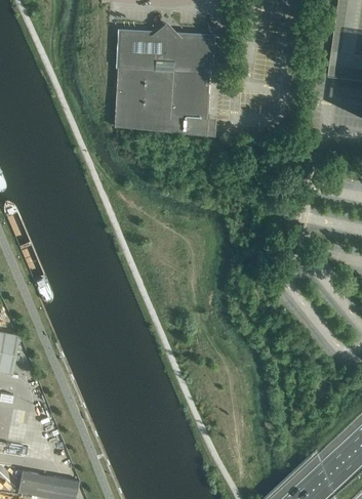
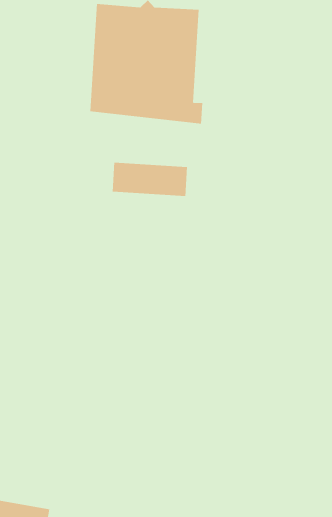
building: none -> [112,162,187,197]

